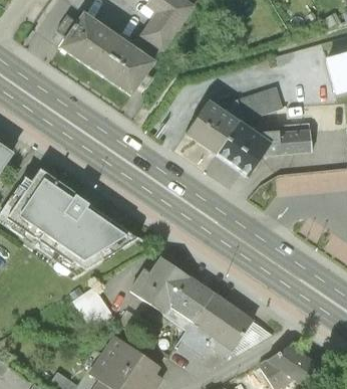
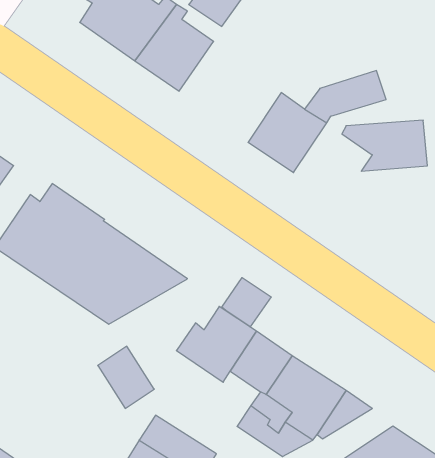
building: [215,123,272,182] -> none
building: none -> [222,278,271,327]

